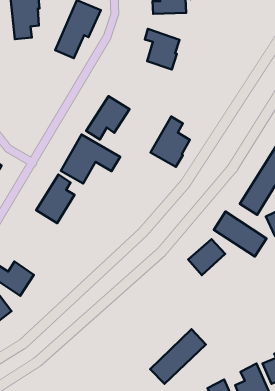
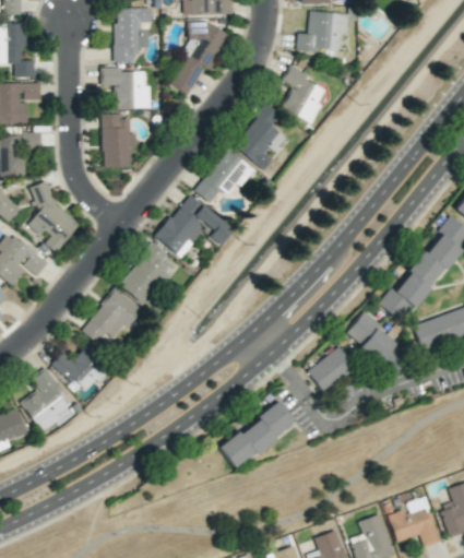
building: none -> [100,68,150,108]
building: none -> [102,115,136,168]
building: [150,116,190,167] -> [234,104,286,169]
building: none -> [81,287,143,349]
building: [150,329,206,384] -> [218,402,294,468]

